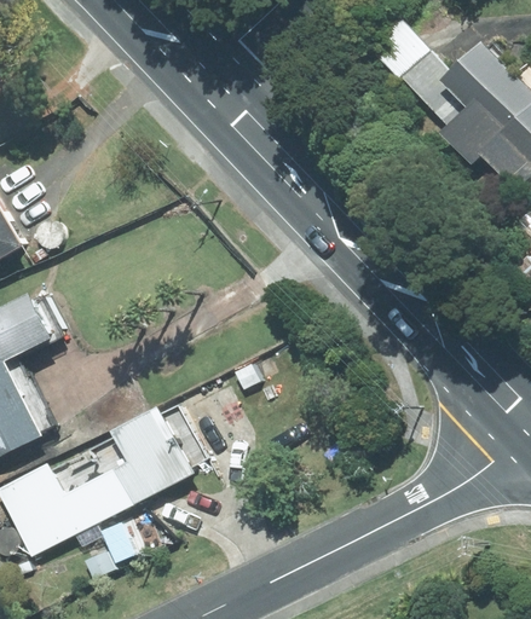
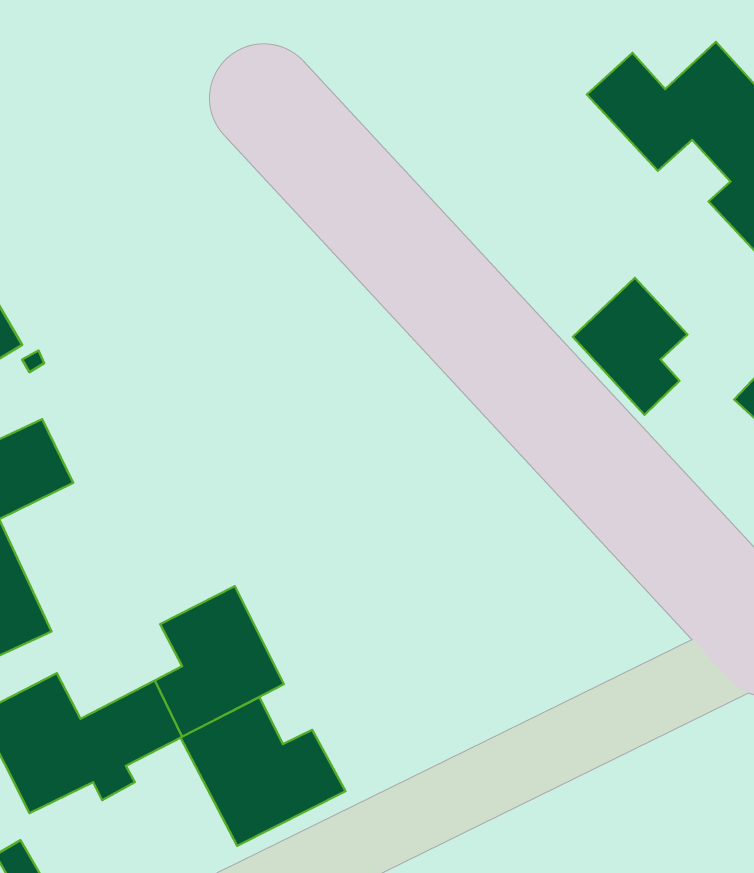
building: none -> [573,278,688,415]
building: none -> [181,697,345,846]

